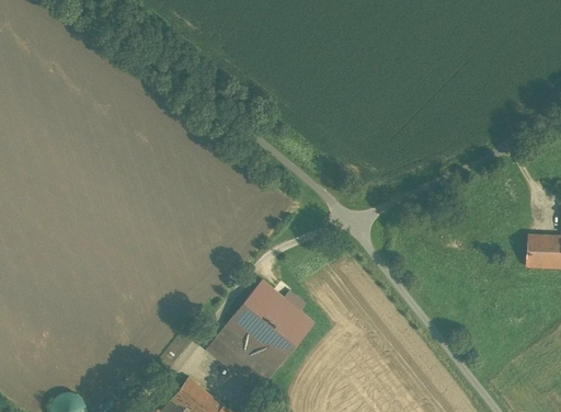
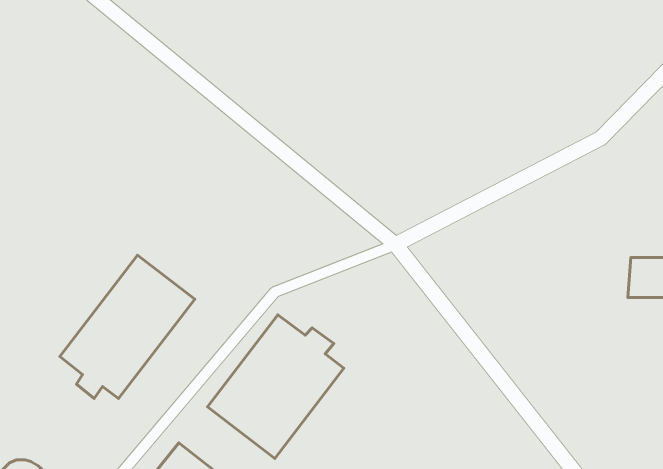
building: none -> [60,255,195,399]

